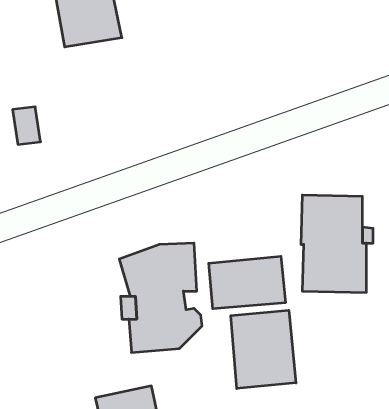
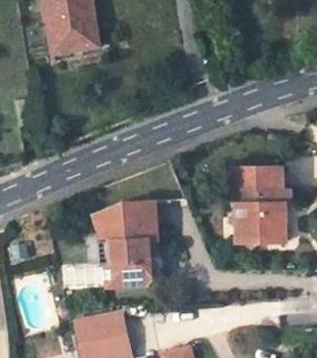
building: [209,256,285,309] -> none
building: [231,310,296,389] -> none

